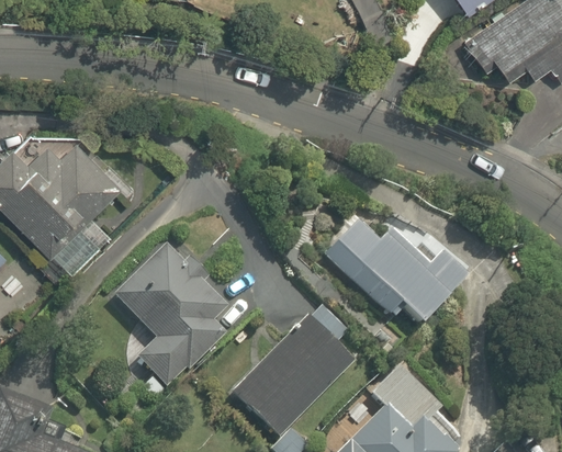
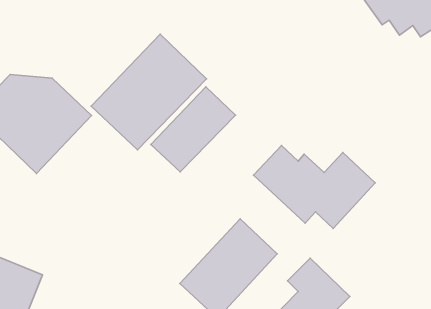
building: none -> [91,34,207,150]
building: none -> [151,87,235,172]
building: [116,241,224,389] -> none

